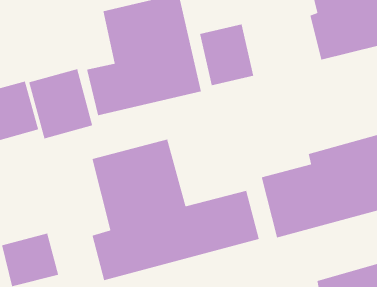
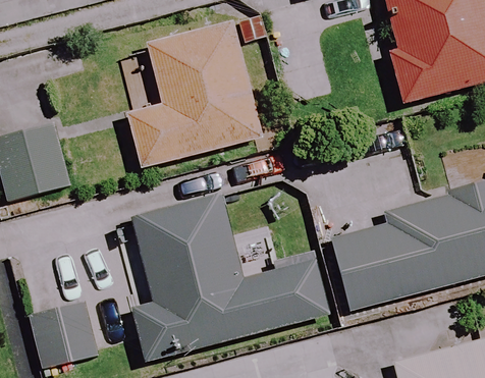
building: [199,23,254,86] -> none
building: [28,68,93,139] -> none

